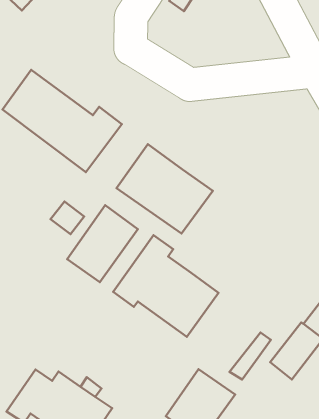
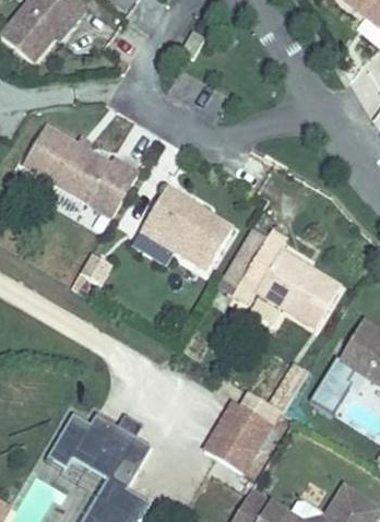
building: [67,205,138,282] -> none
building: [113,235,218,337] -> [229,233,333,330]

